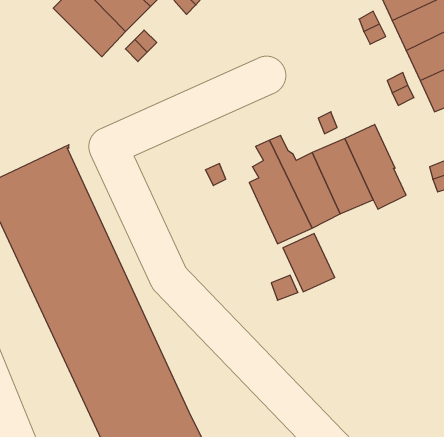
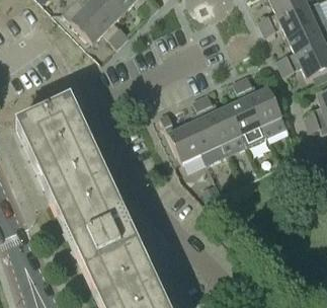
building: [283,234,335,292] -> [168,125,201,162]

